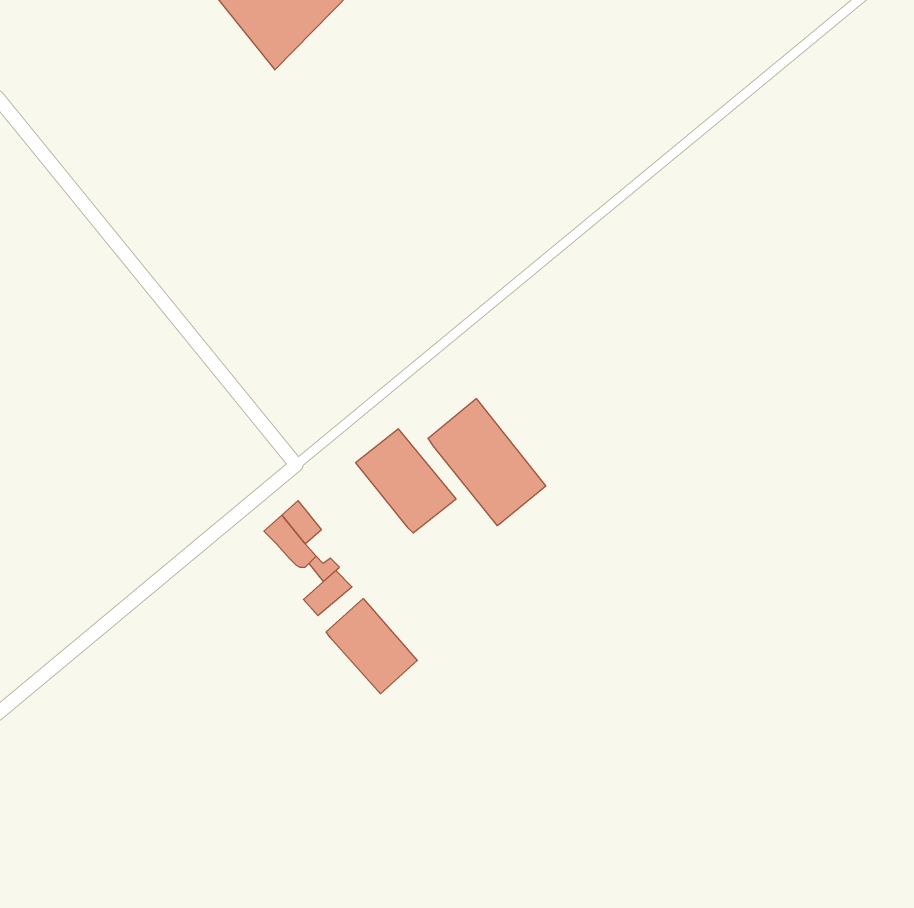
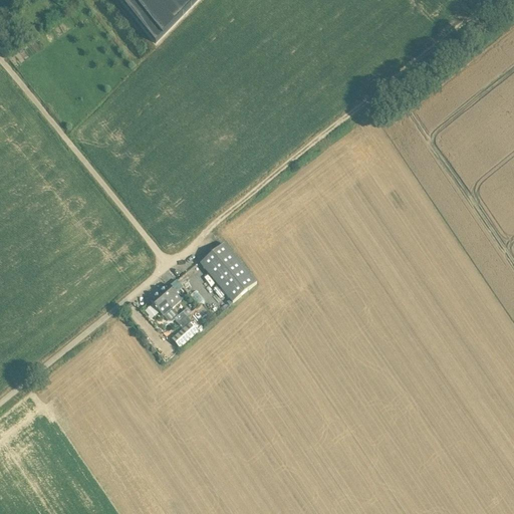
building: [428,399,546,526] -> none
building: [326,599,417,694] -> none

